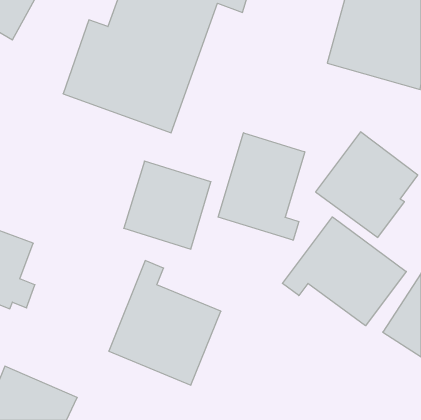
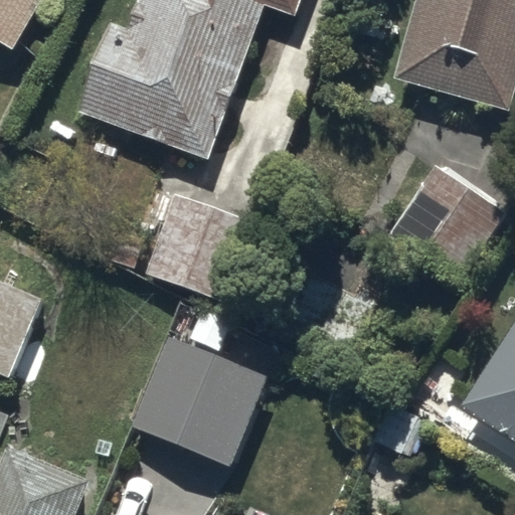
building: [218,133,305,240] -> none
building: [282,217,406,326] -> none

